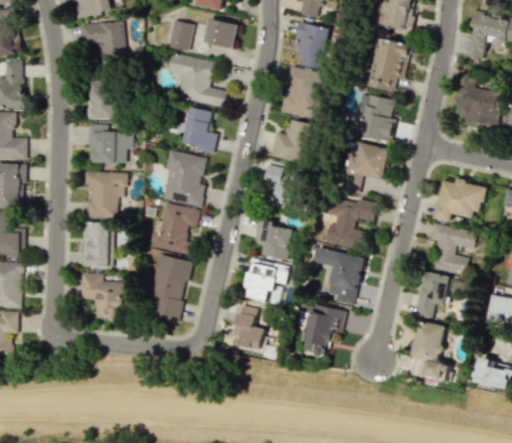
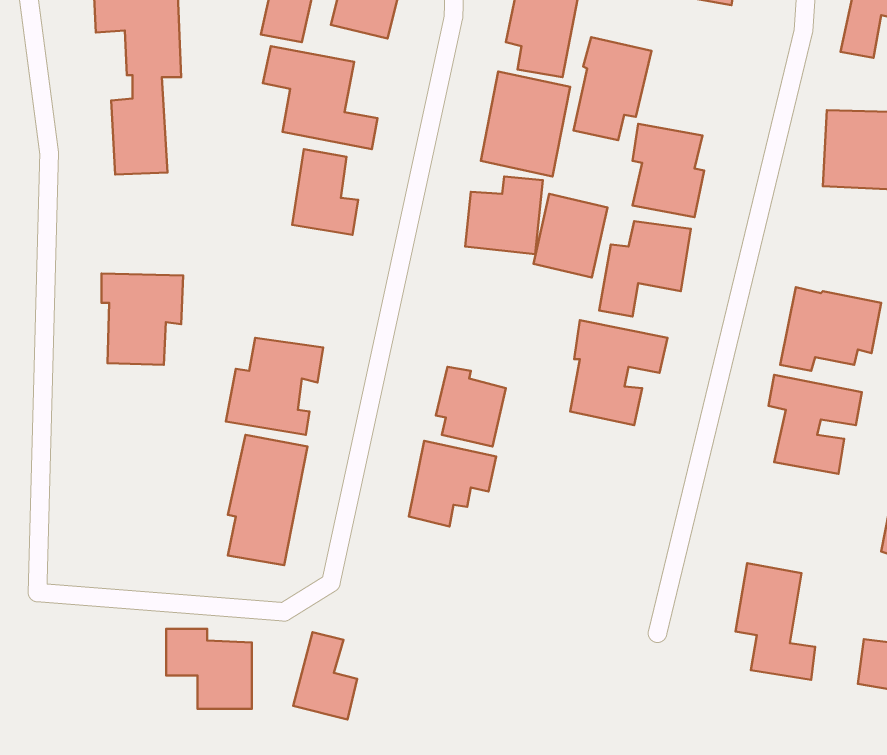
building: [370,38,410,92] -> [574,37,651,140]
building: [90,125,132,163] -> none
building: [162,150,205,206] -> none
building: [262,163,300,206] -> [534,194,607,277]
building: [81,226,123,267] -> none
building: [314,248,363,306] -> none
building: [414,272,450,319] -> none
building: [80,275,125,316] -> [166,629,252,709]
building: [303,304,345,357] -> none
building: [231,305,265,350] -> [293,632,357,720]

